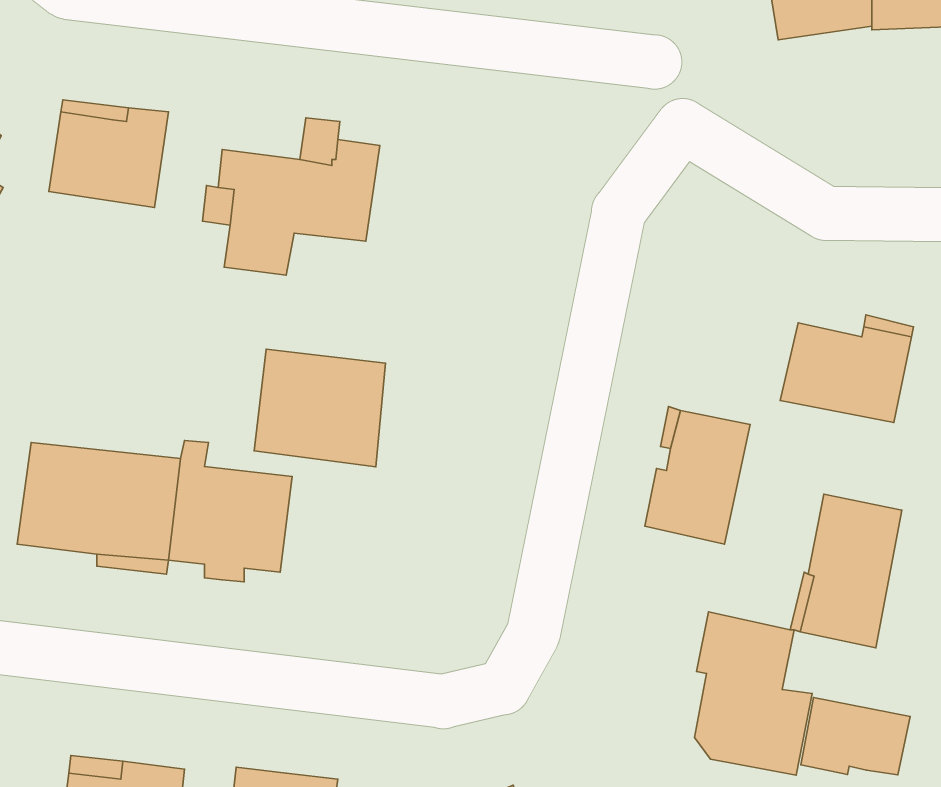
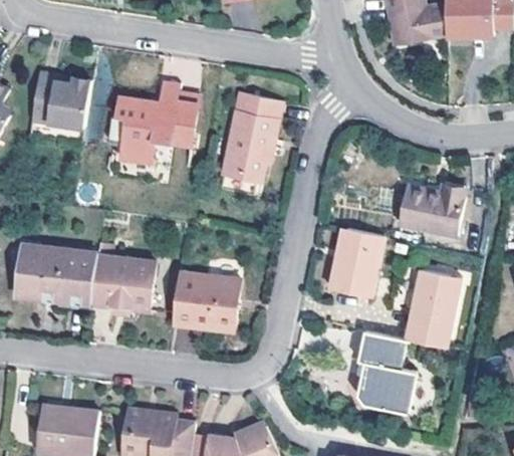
building: none -> [223,91,279,182]
building: [254,349,386,467] -> [172,271,238,330]
building: [801,698,910,775] -> none

